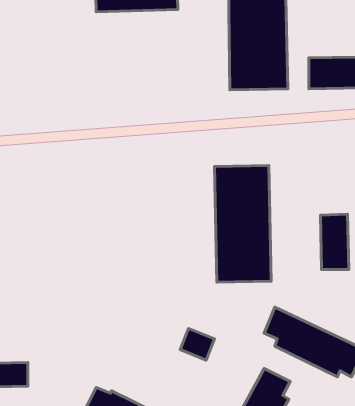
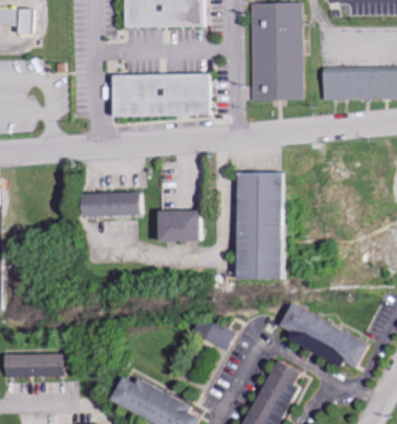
building: none -> [113,74,210,119]
building: none -> [85,191,142,215]
building: none -> [160,209,202,241]
building: [321,214,349,270] -> none

